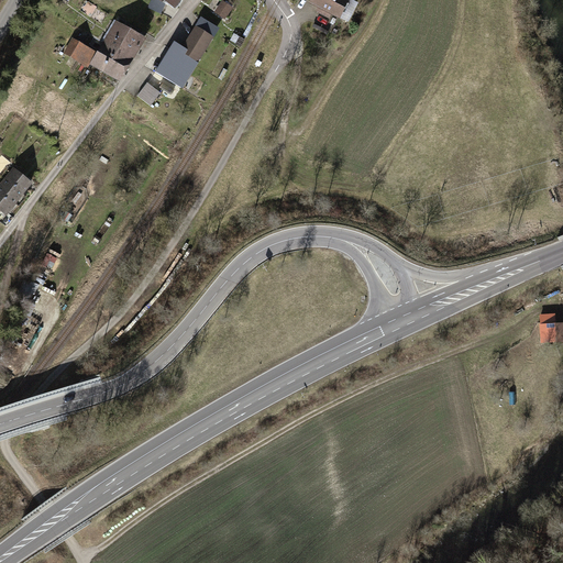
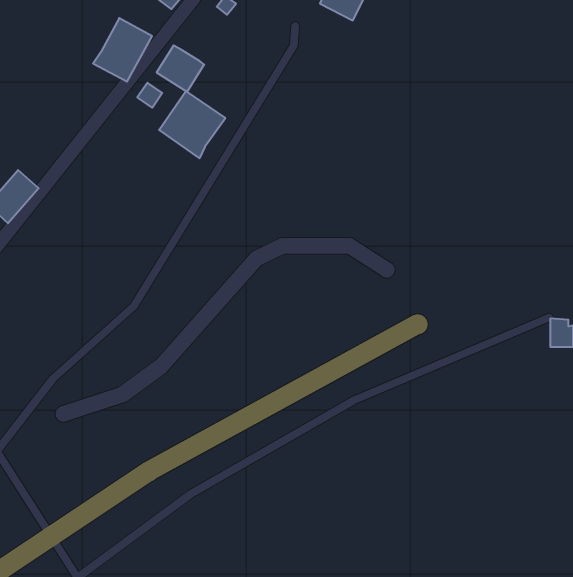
building: [176,23,210,59] -> none
building: [63,33,98,65] -> none
building: none -> [159,91,225,158]

